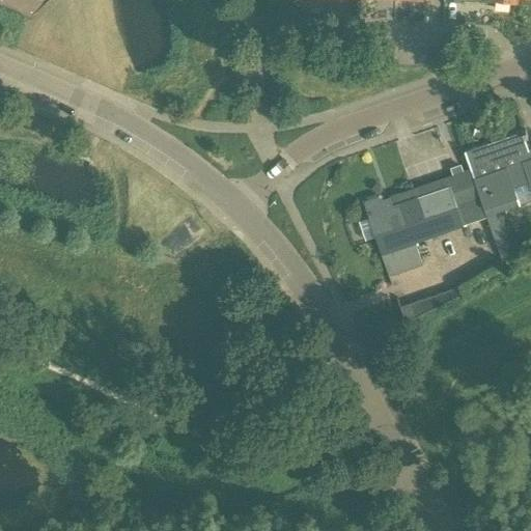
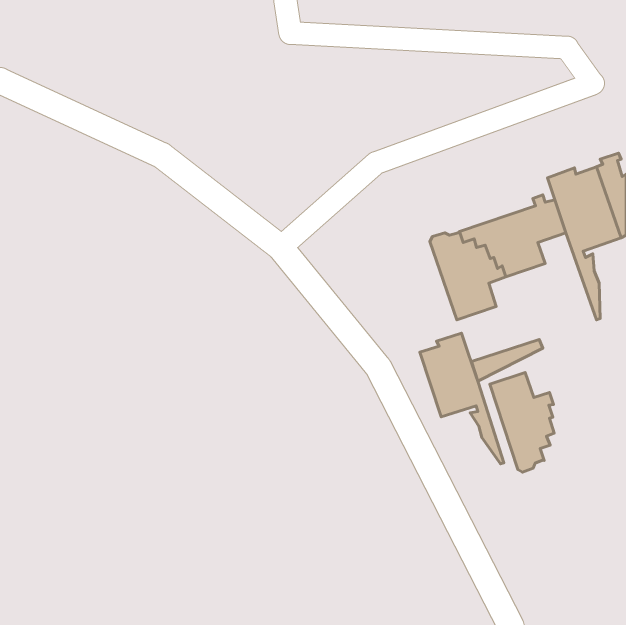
building: none -> [420,333,504,464]
building: none -> [490,372,554,472]

